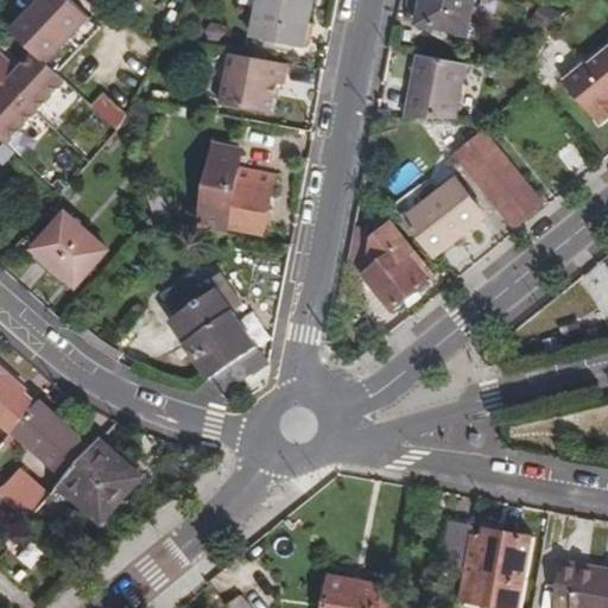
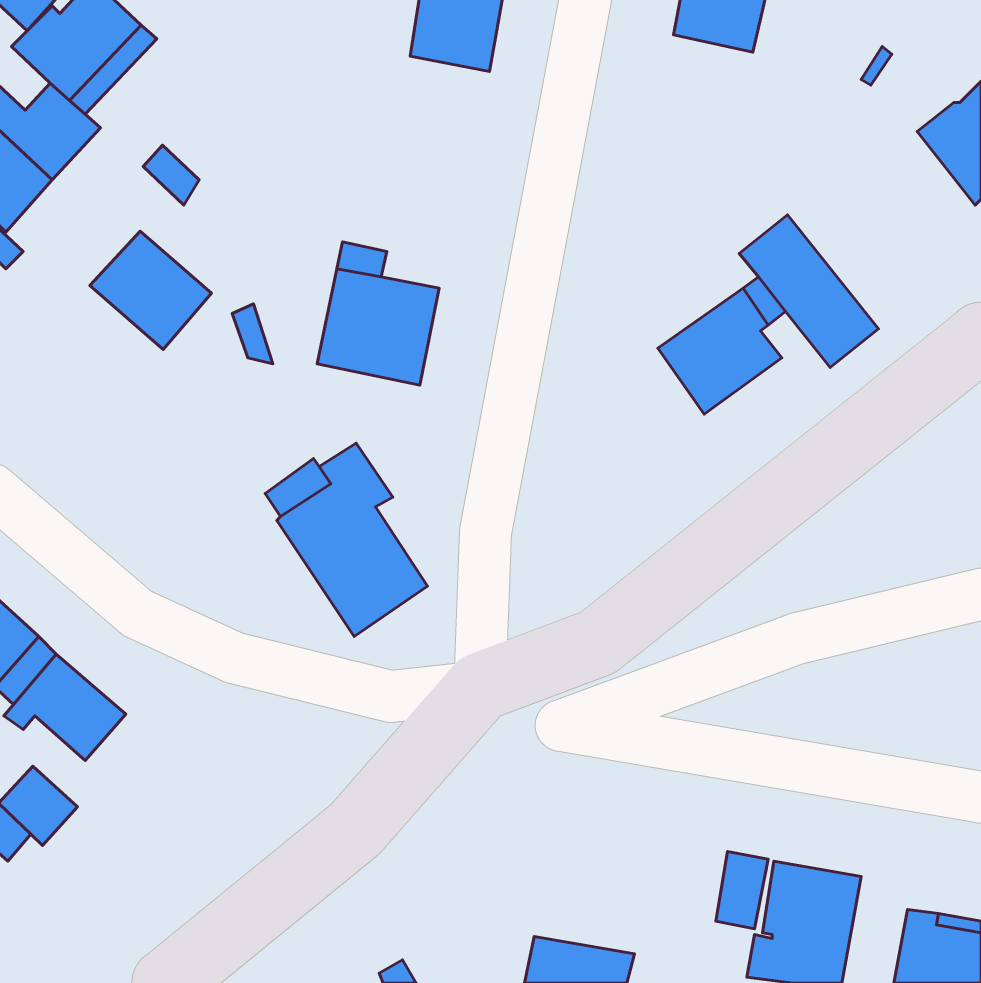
building: [220,52,286,110] -> none
building: [401,52,462,118] -> none
building: [30,214,104,286] -> [90,231,212,349]
building: [342,221,430,305] -> none
building: [57,439,138,520] -> none

